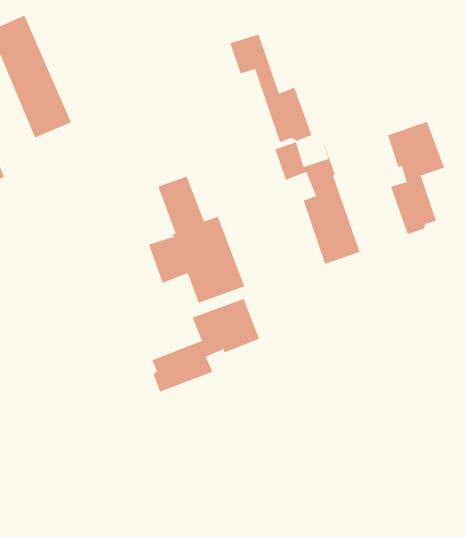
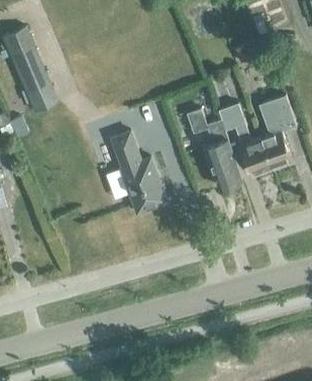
building: [229,34,312,143] -> [220,104,274,175]
building: [151,298,260,393] -> none

